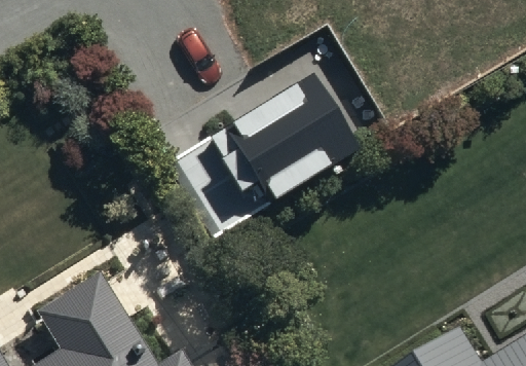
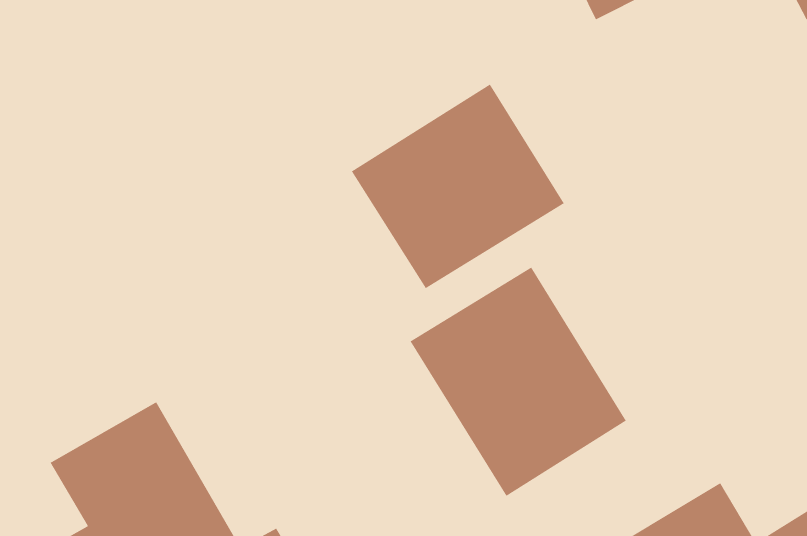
building: none -> [409,266,627,497]

